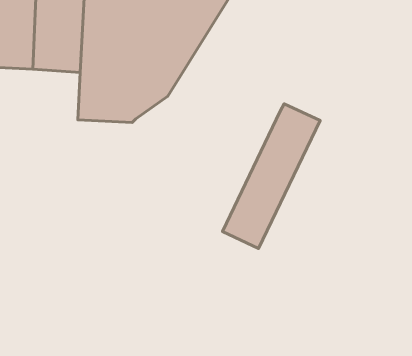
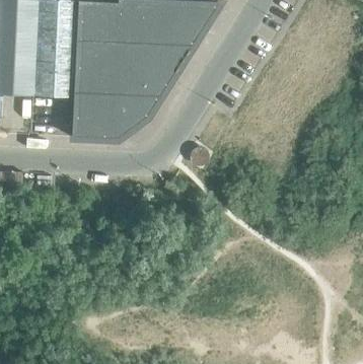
building: [222,104,320,248] -> none

